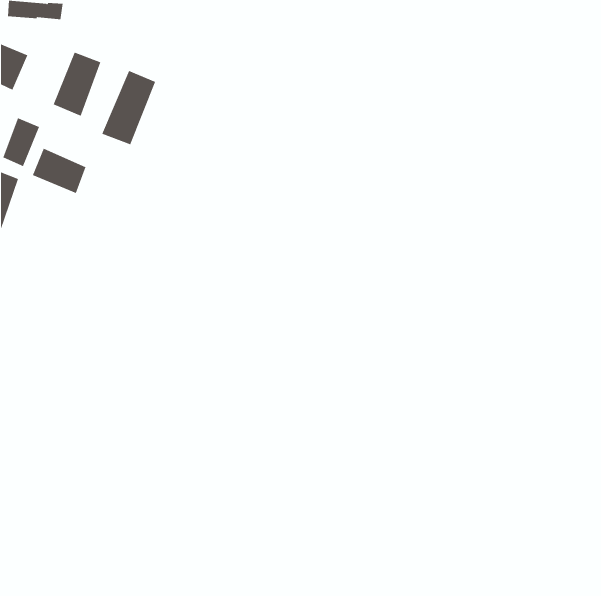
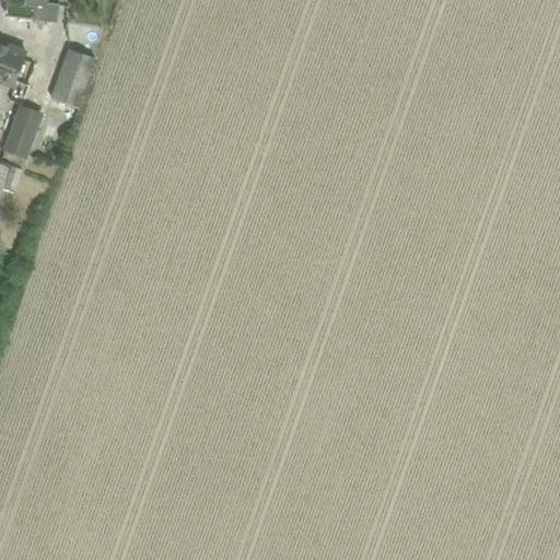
building: [102,70,156,145] -> none
building: [32,148,86,194] -> none

